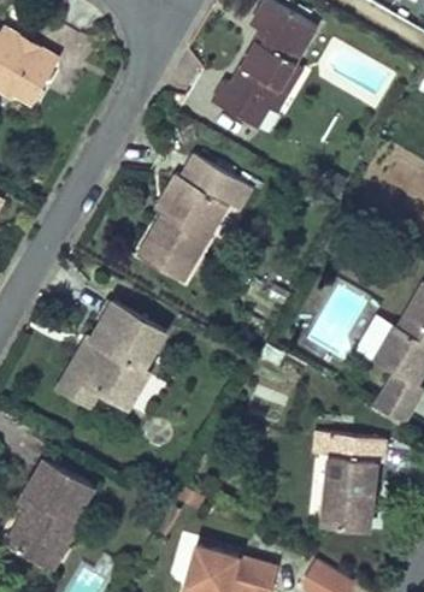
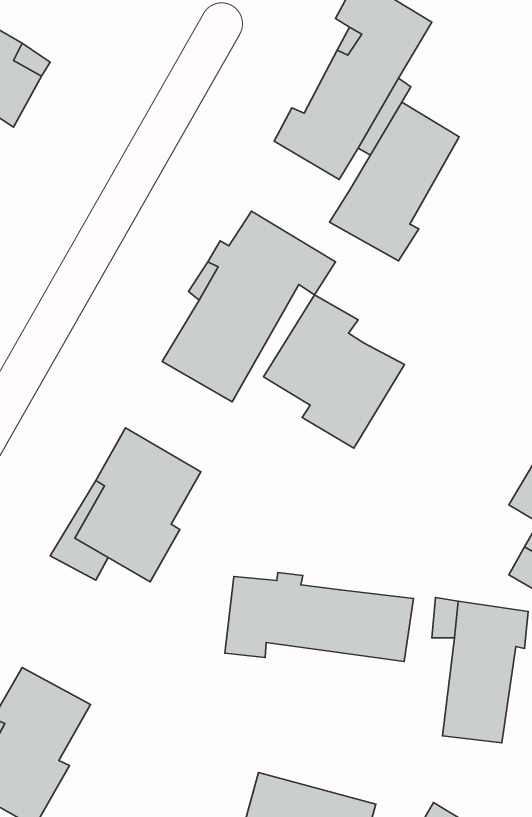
building: none -> [329,102,459,261]
building: none -> [264,295,404,448]
building: none -> [225,572,413,662]

